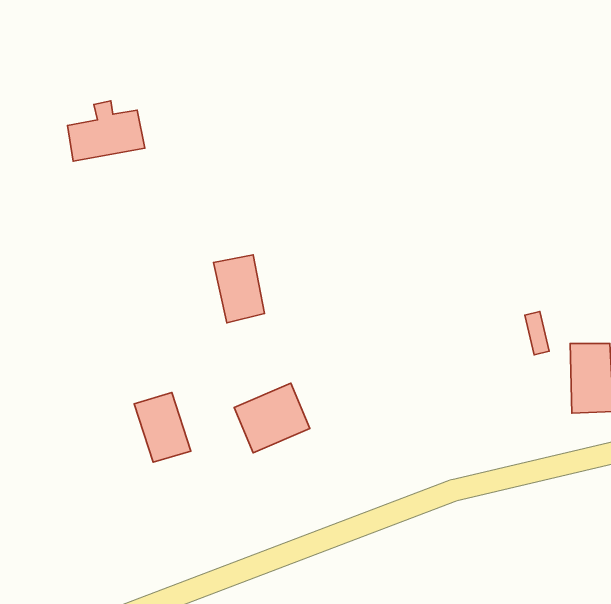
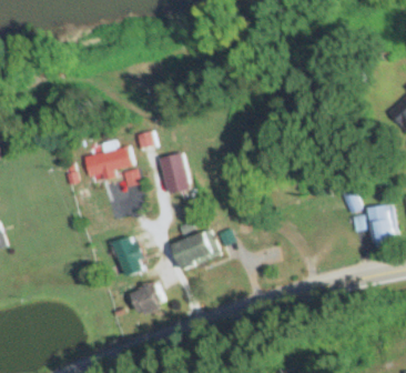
building: [67,101,145,161] -> [88,141,133,177]
building: none -> [129,283,163,315]

